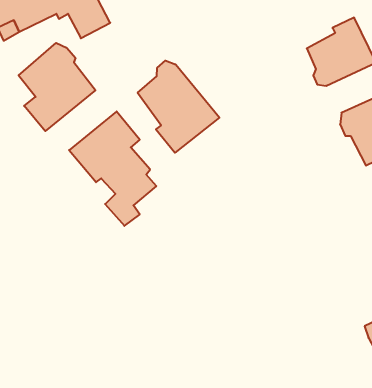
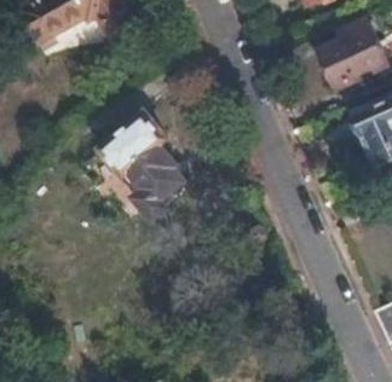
building: [19,43,95,131] -> none
building: [138,61,219,153] -> none

